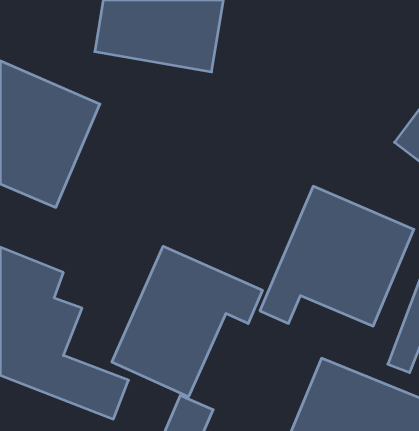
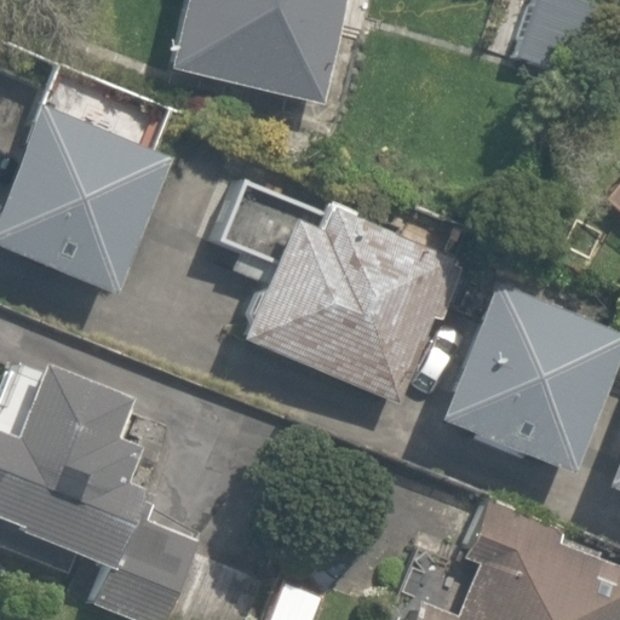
building: none -> [231,189,453,396]
building: [112,246,262,397] -> none

